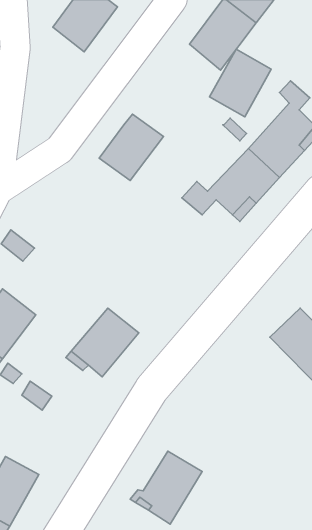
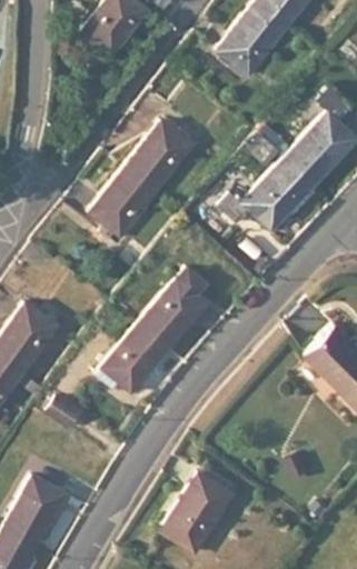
building: [210,49,271,117] -> none
building: none -> [89,166,160,242]
building: none -> [137,266,206,347]

